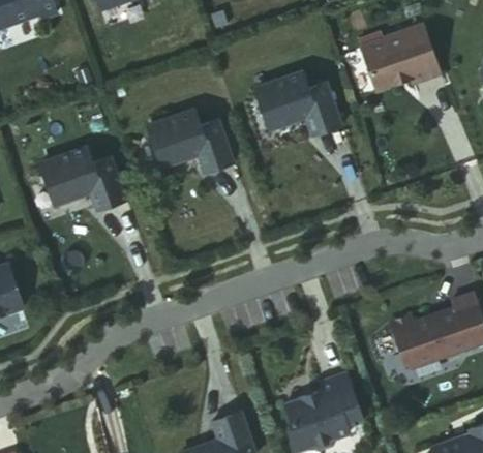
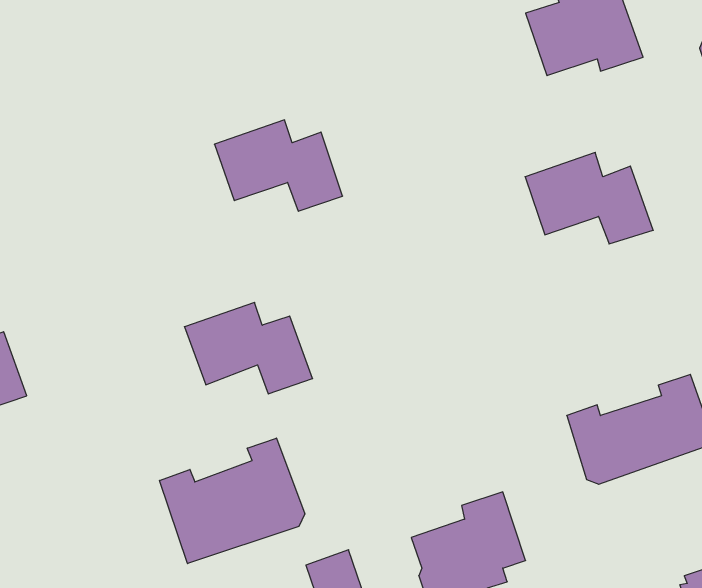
building: [258,80,344,142] -> [525,152,653,244]
building: [42,155,129,217] -> [184,302,313,394]
building: none -> [160,438,305,564]

